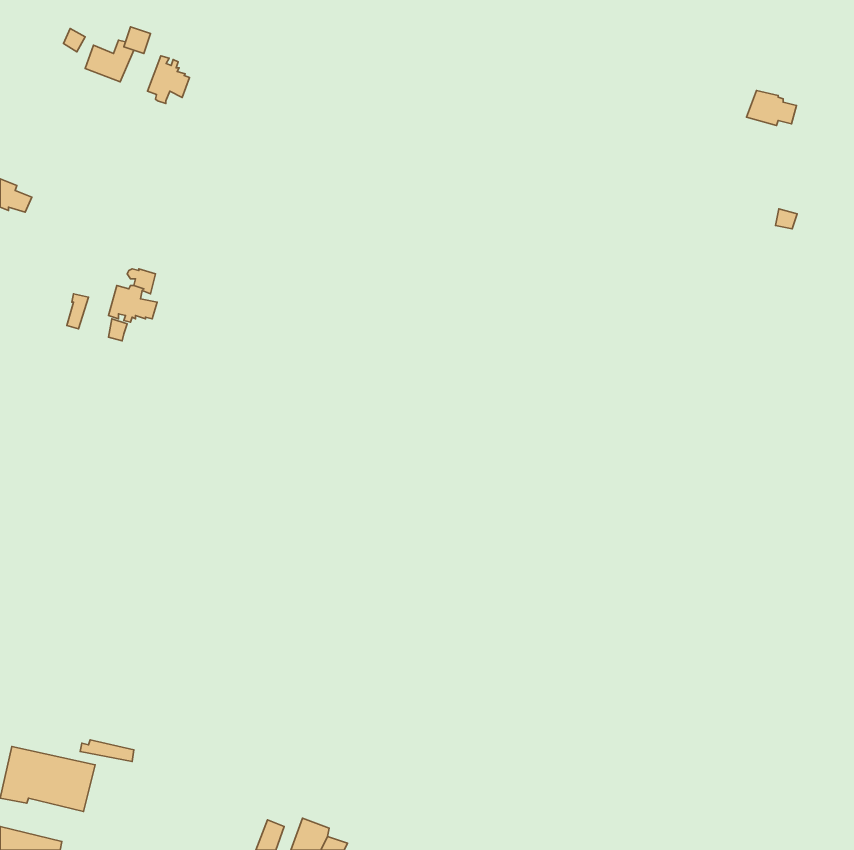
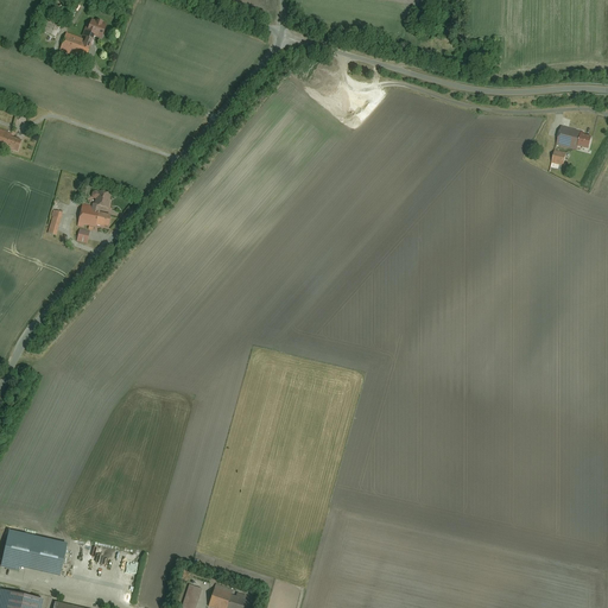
building: [147,56,189,103] -> none
building: [746,91,797,126] -> [555,125,590,150]

